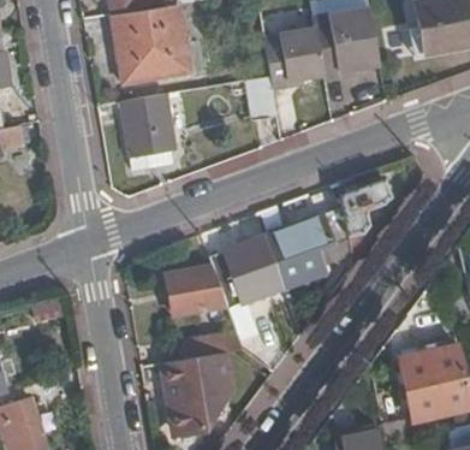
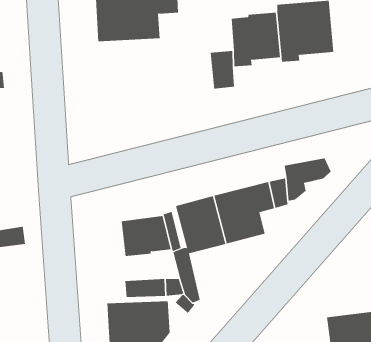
building: [119,94,172,170] -> none

